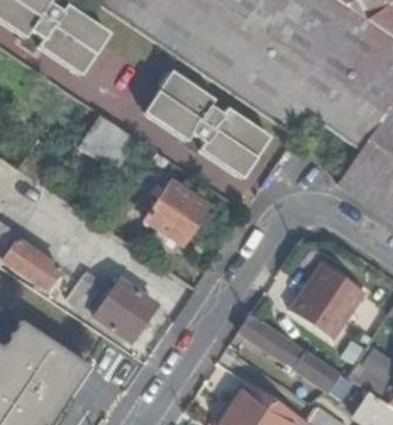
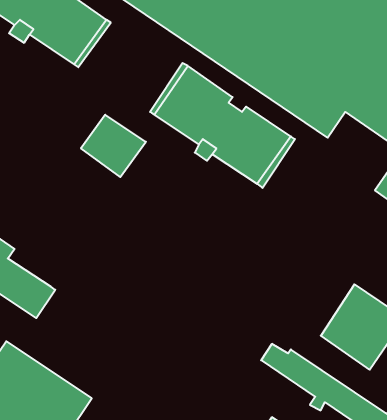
building: [146,182,207,243] -> none
building: [73,274,160,340] -> none

